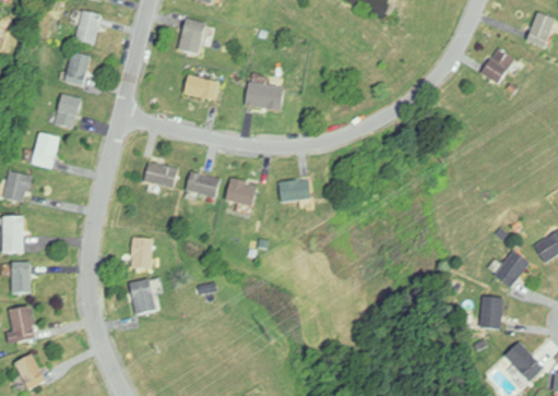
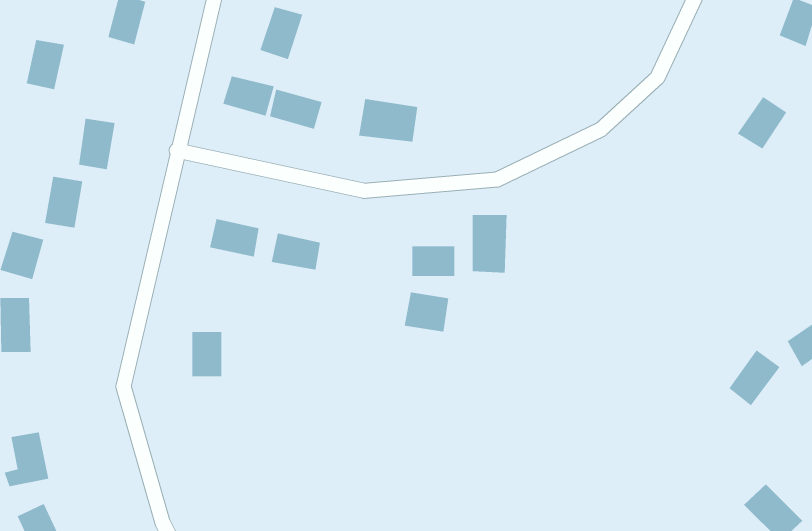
building: [480,47,514,83] -> [737,96,787,150]
building: [63,52,90,86] -> [26,40,65,90]
building: none -> [222,76,274,116]
building: none -> [472,214,507,273]
building: [225,178,256,205] -> [404,292,449,332]
building: [10,263,31,293] -> none
building: [129,279,155,314] -> none
building: [480,297,502,329] -> none

